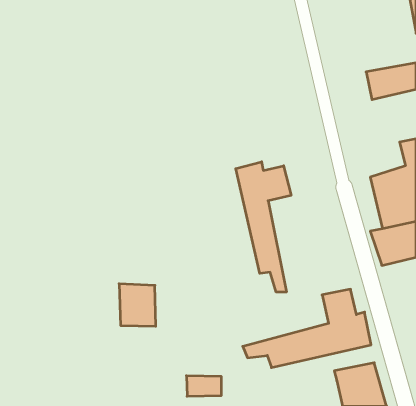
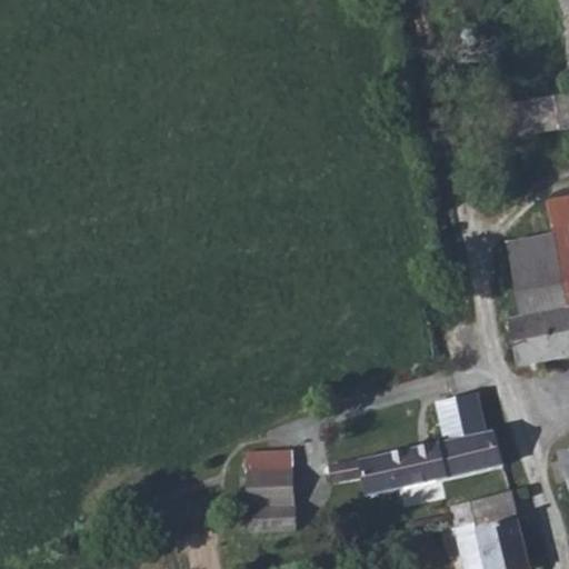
building: [236,162,291,292] -> none
building: [119,284,156,326] -> [251,455,301,512]

